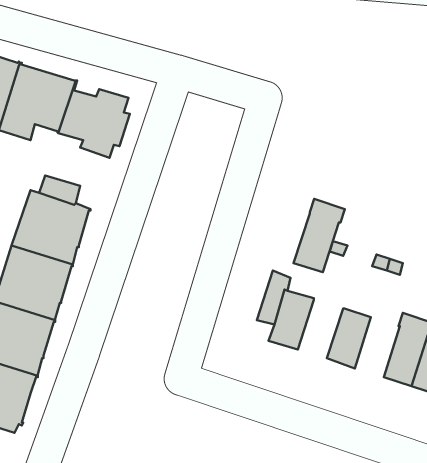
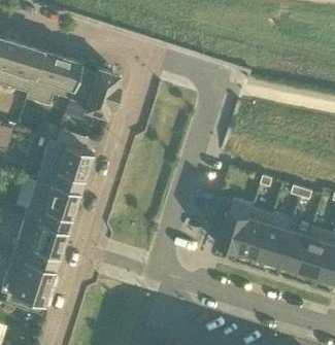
building: [294,199,345,272] -> [237,207,273,258]
building: none -> [277,230,309,272]

